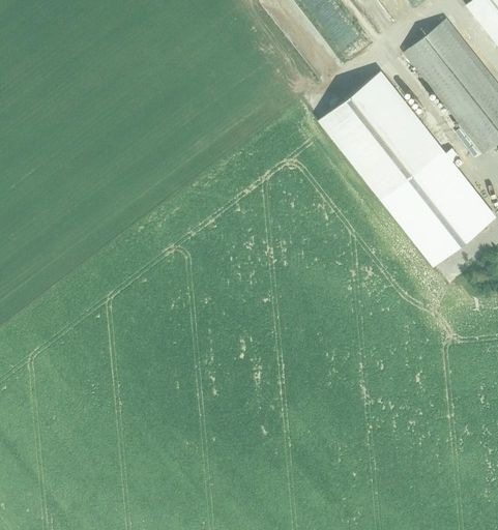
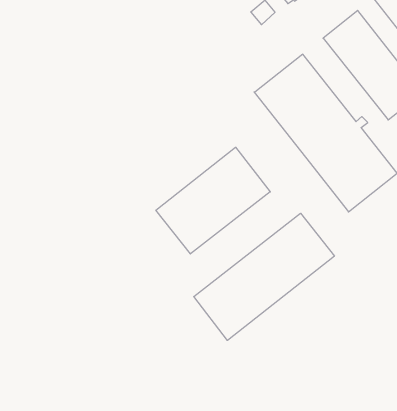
building: none -> [156,147,270,254]
building: none -> [194,213,334,340]

